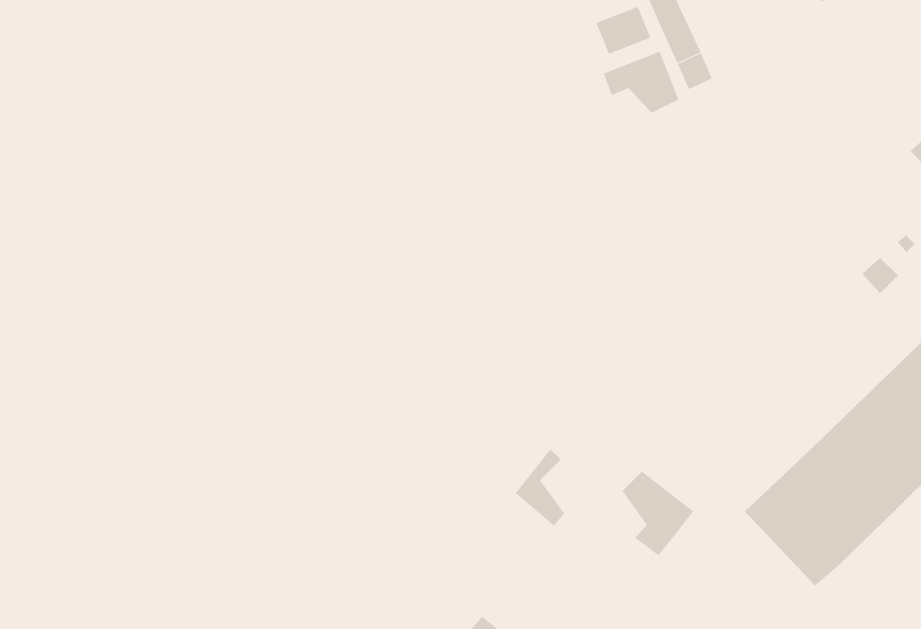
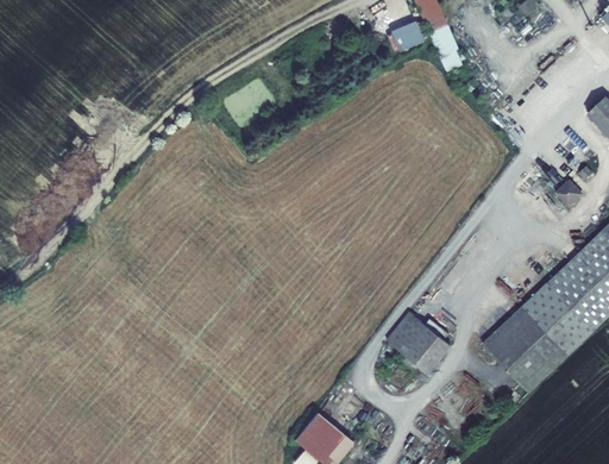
building: [603,51,679,114] -> none
building: [515,448,565,527] -> [388,311,420,360]

